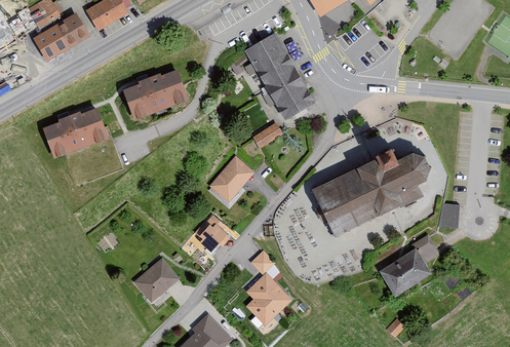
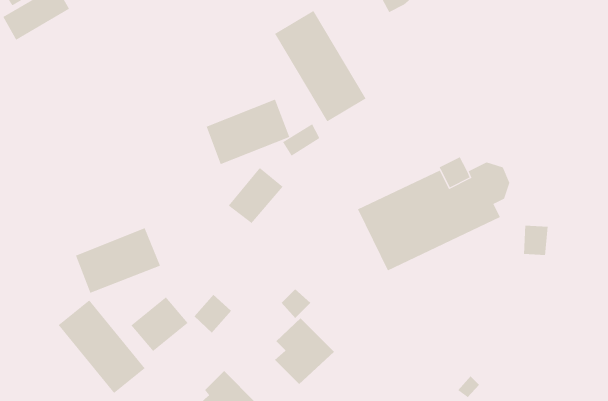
building: [123,69,189,120] -> [206,99,290,165]
building: [42,106,109,157] -> [75,228,161,294]
building: [198,222,228,253] -> [193,294,232,333]
building: [379,241,437,297] -> none
building: none -> [58,299,145,394]

